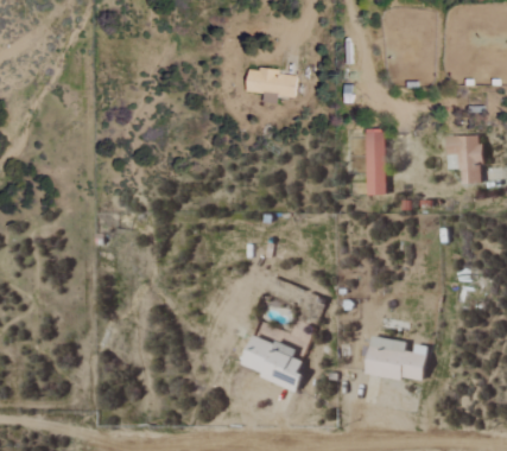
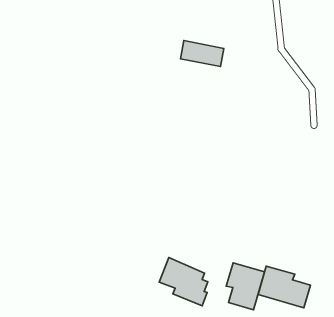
building: [365,127,386,195] -> none
building: none -> [226,263,264,310]

